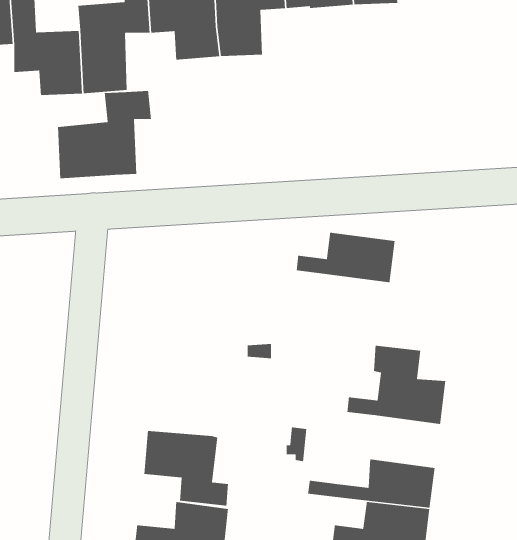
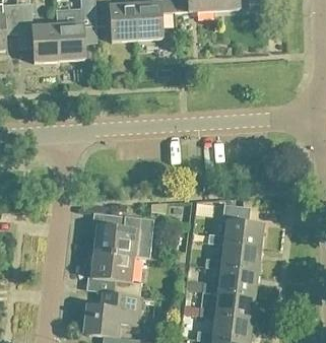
building: [57,90,152,179] -> none
building: [296,232,395,283] -> [205,245,262,274]
building: none -> [94,215,154,258]

